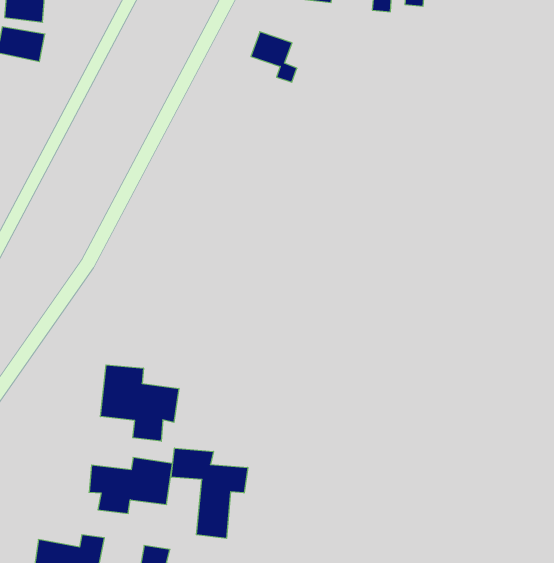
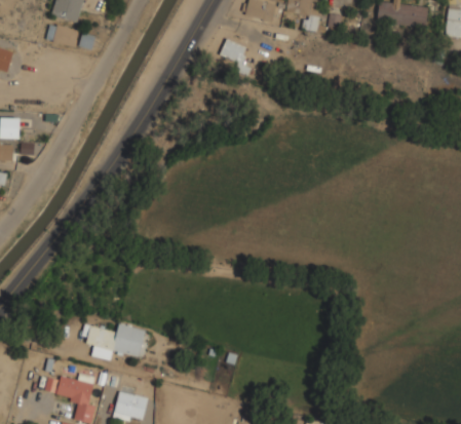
building: [100,365,179,441] -> none
building: [171,448,248,538] -> none

